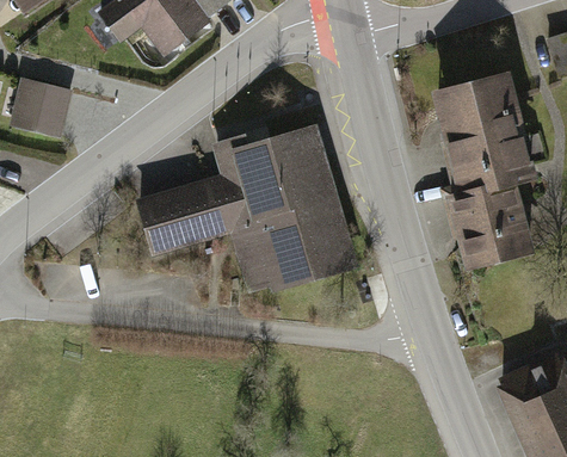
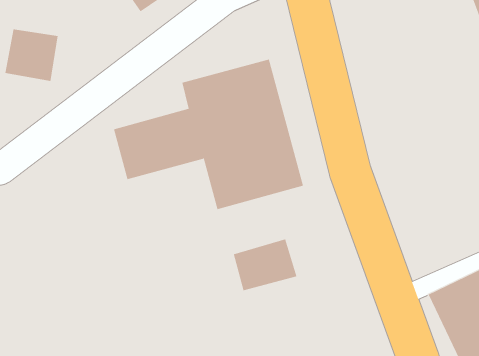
building: [436,66,542,270] -> none
building: none -> [233,238,297,291]

